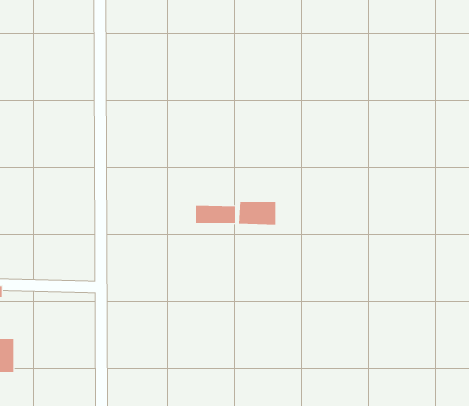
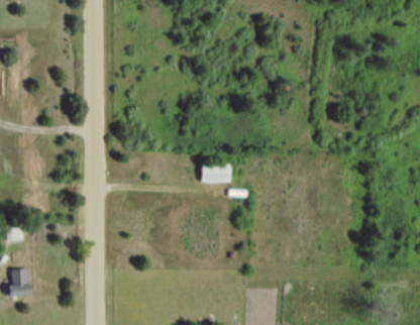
building: [195,205,236,224] -> none

